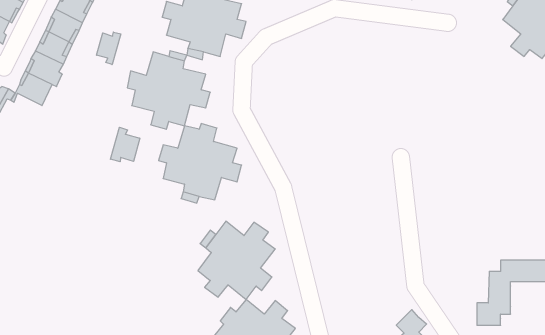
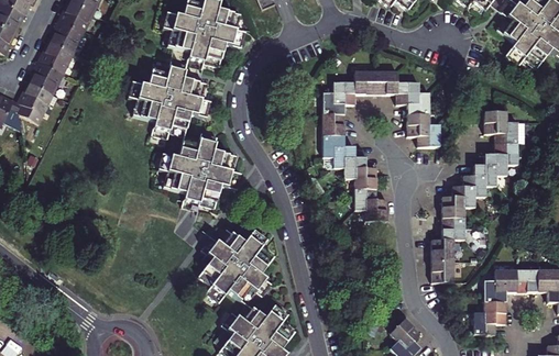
building: [97,32,121,65] -> none
building: none -> [322,69,440,218]
building: none -> [431,114,517,285]
building: [110,127,140,162] -> none

